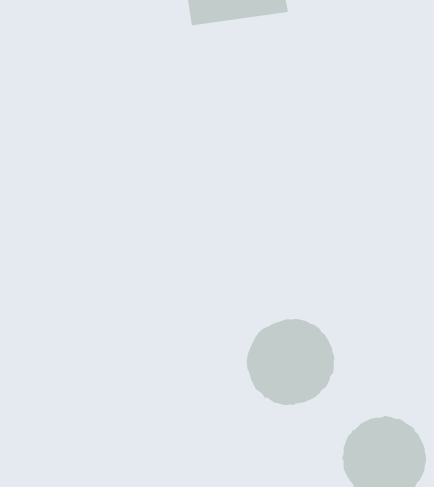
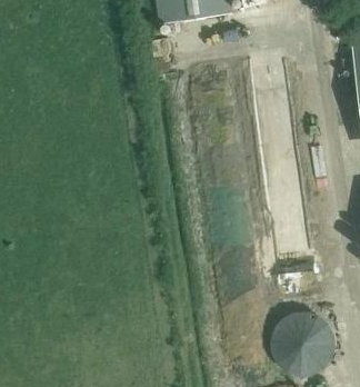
building: [246,318,335,406] -> none

